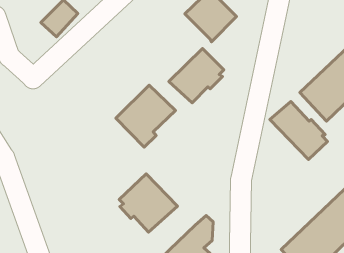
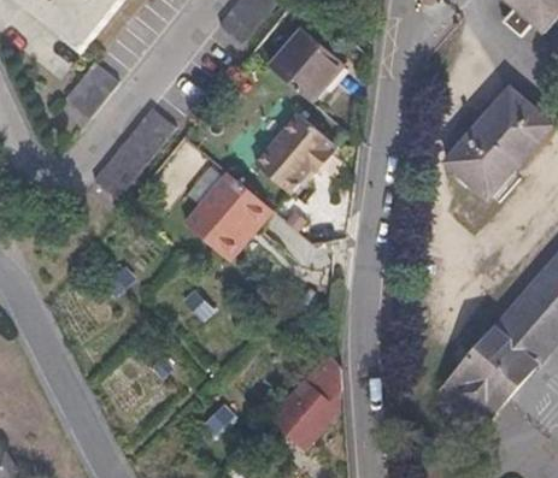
building: none -> [94,107,175,197]
building: [270,102,328,160] -> none
building: [119,174,177,232] -> none

